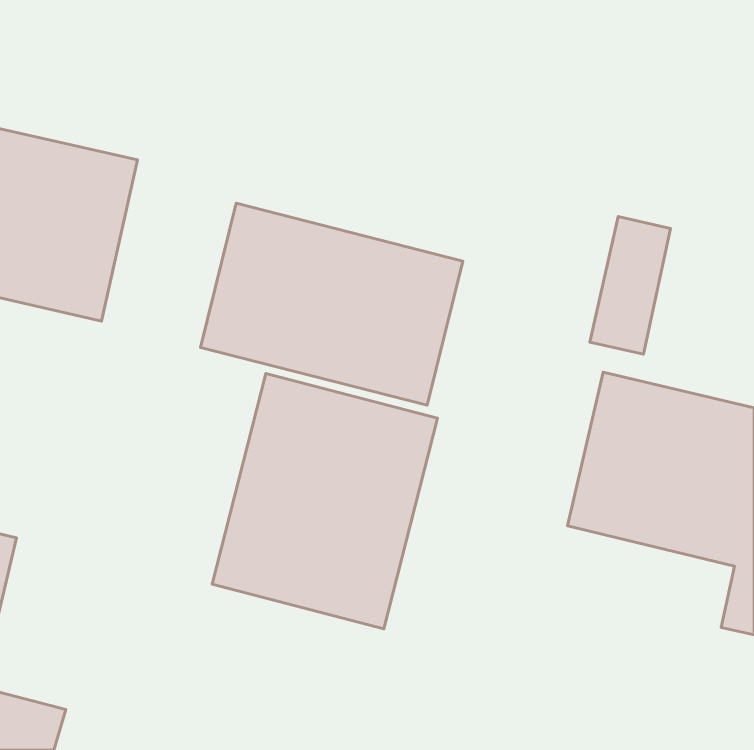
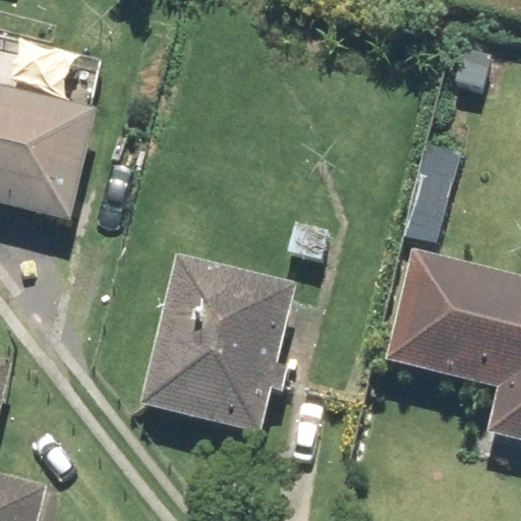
building: [200,203,463,405] -> none

